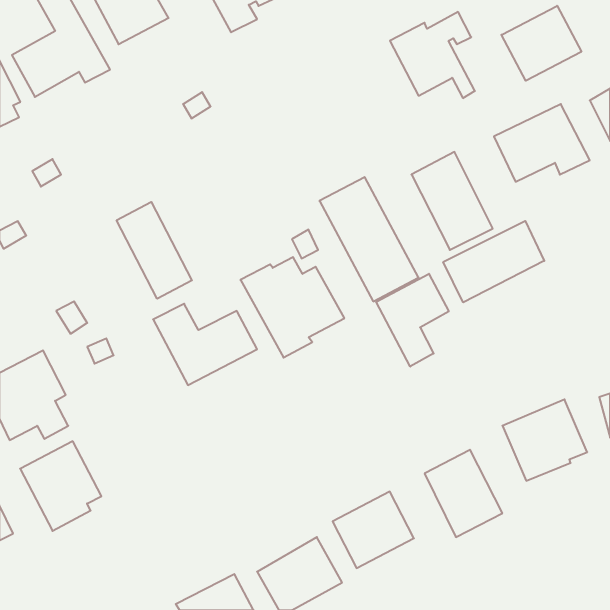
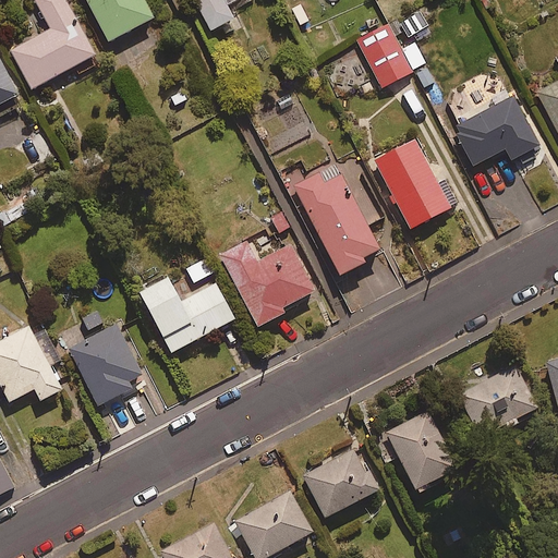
building: [501,6,581,81] -> none
building: [117,202,192,299] -> none
building: [443,221,544,302] -> none
building: [376,274,449,367] -> none
building: [20,441,101,531] -> [69,324,143,405]

